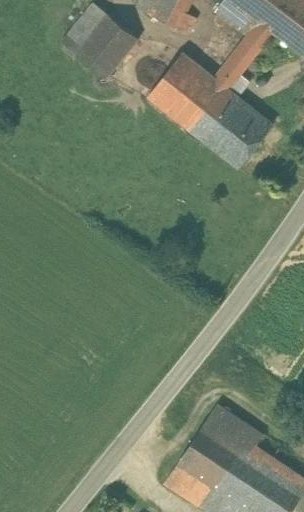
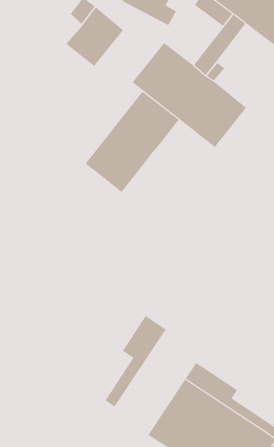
building: [61,21,92,54] -> none
building: none -> [85,91,179,193]
building: none -> [105,315,167,408]

